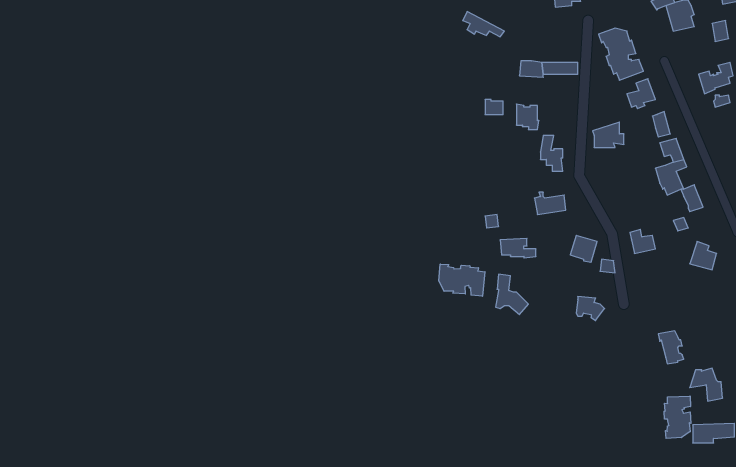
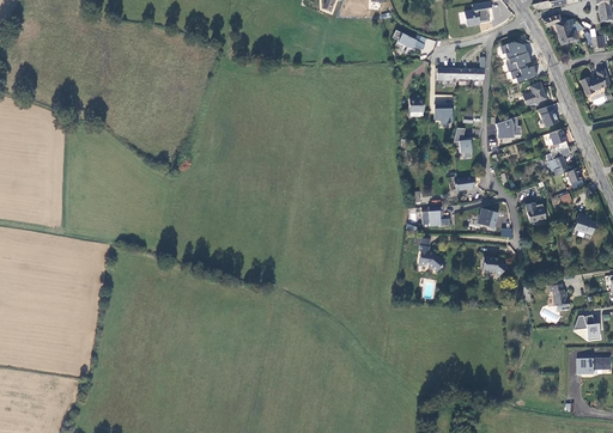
building: [439,264,485,296] -> none
building: [664,396,691,438] -> none

